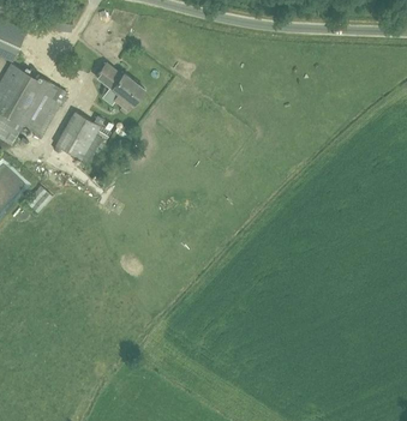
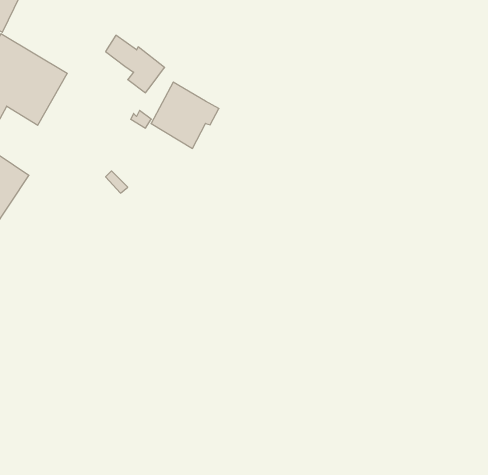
building: [54,109,109,163] -> [151,82,219,148]

